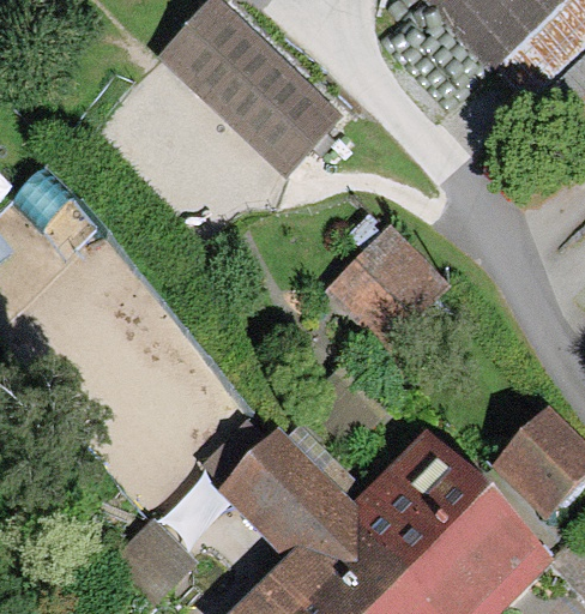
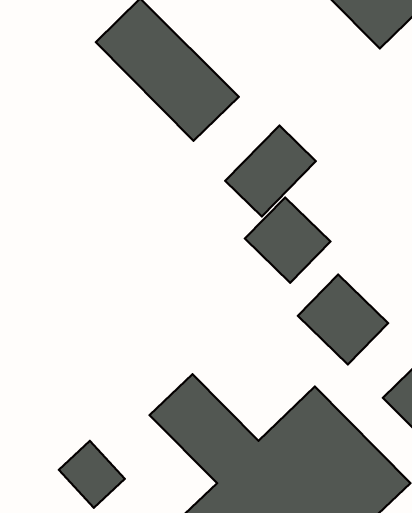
building: none -> [225,125,316,217]
building: none -> [298,274,388,365]

